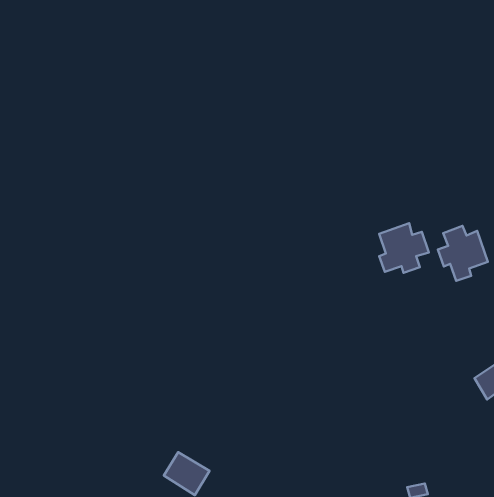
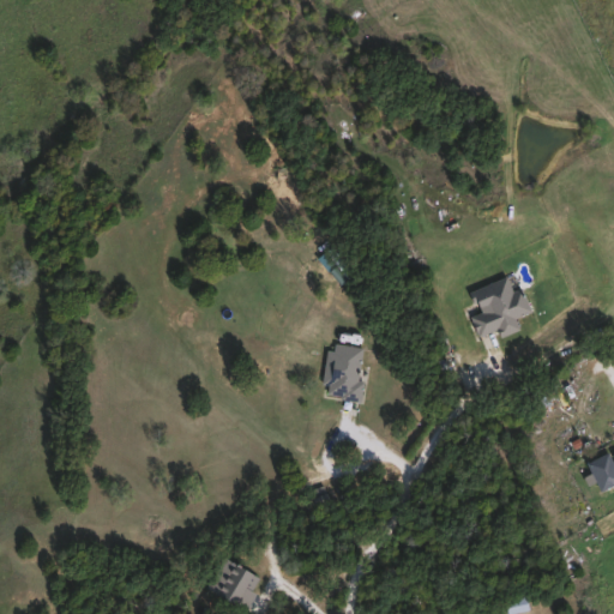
building: [438,226,488,281] -> none
building: none -> [323,342,367,401]

